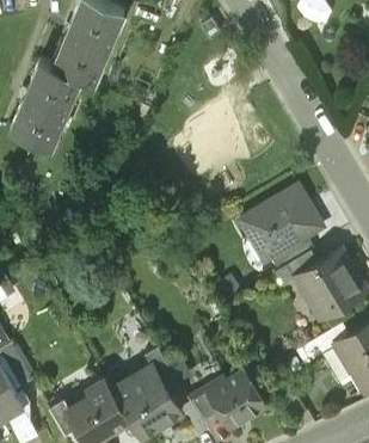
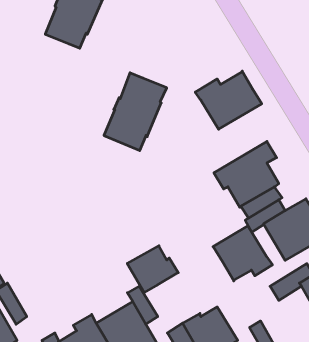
building: [11,62,80,148] -> [104,73,167,151]
building: none -> [195,71,262,129]
building: none -> [213,226,272,281]
building: none -> [127,246,178,292]

